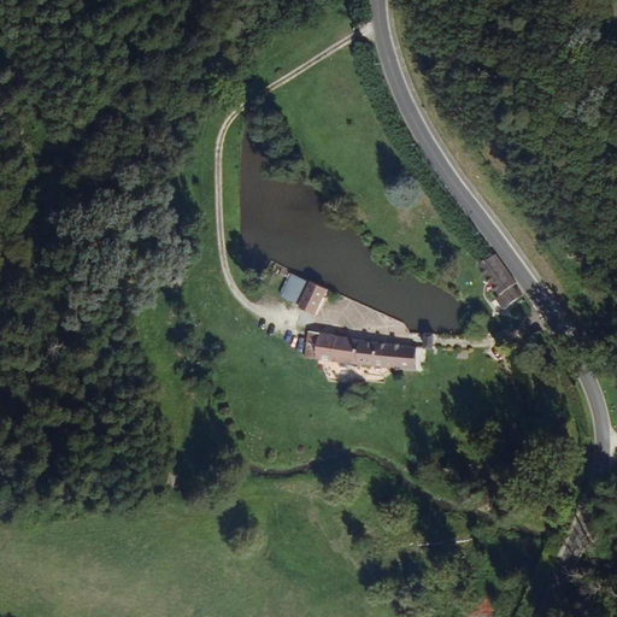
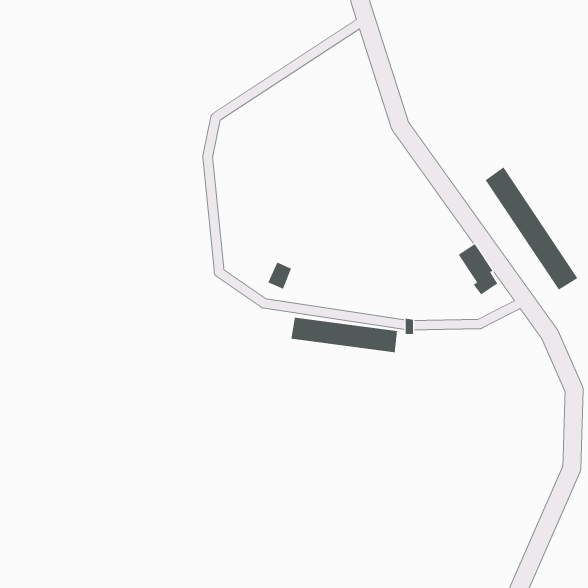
building: none -> [485,166,578,290]
building: [298,283,327,317] -> none

